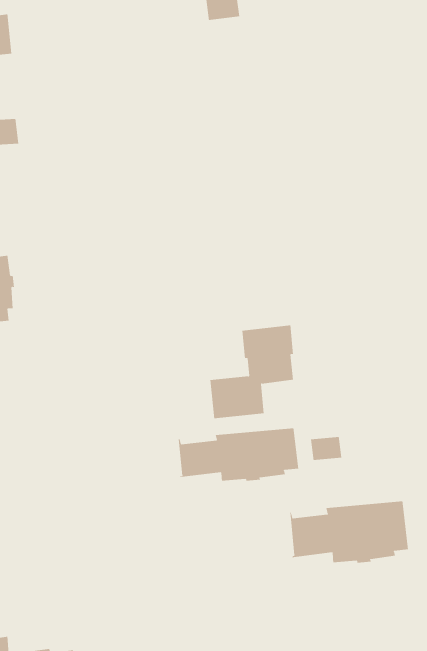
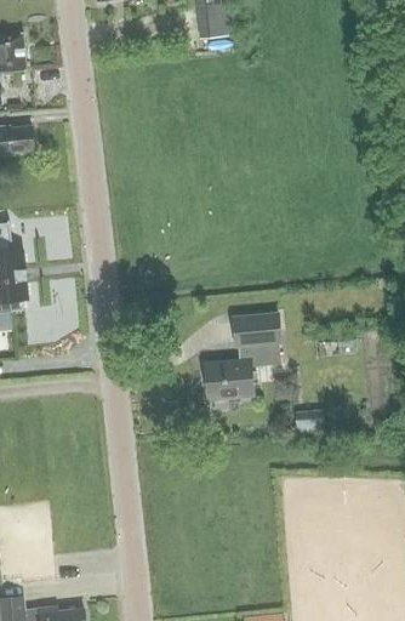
building: [178,427,299,482] -> none
building: [290,501,409,564] -> none

